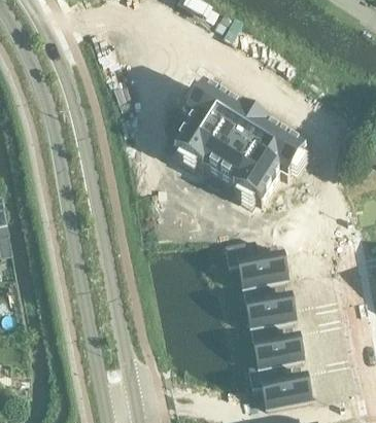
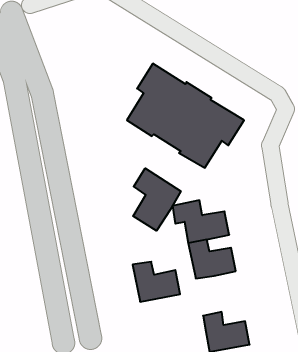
building: none -> [133,168,181,231]
building: [250,325,303,369] -> [133,262,180,302]

